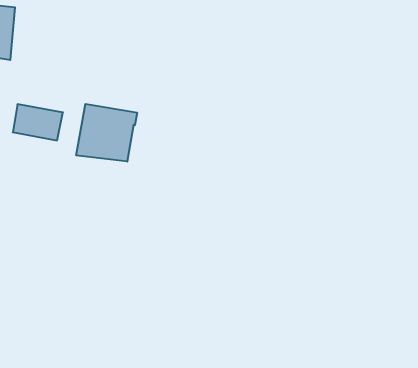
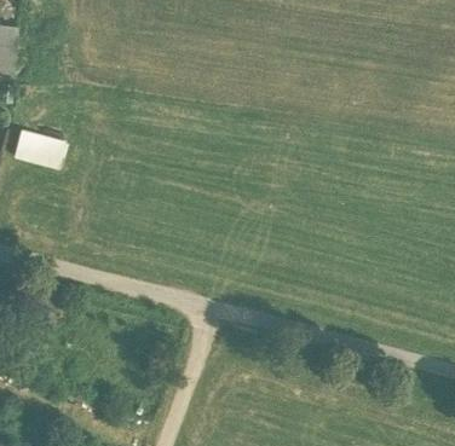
building: [76,104,137,162] -> none

